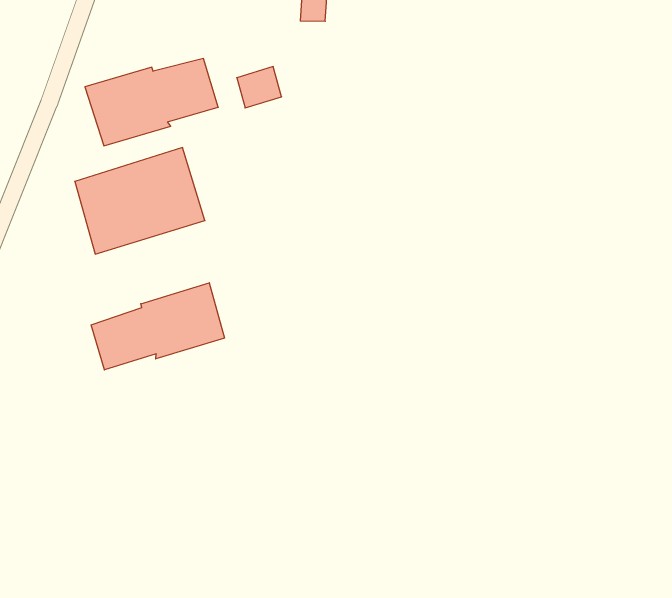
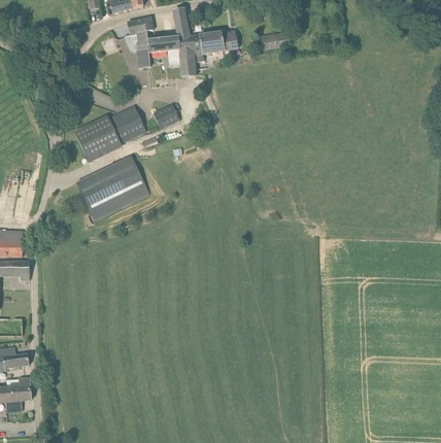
building: [91,283,224,370] -> none

